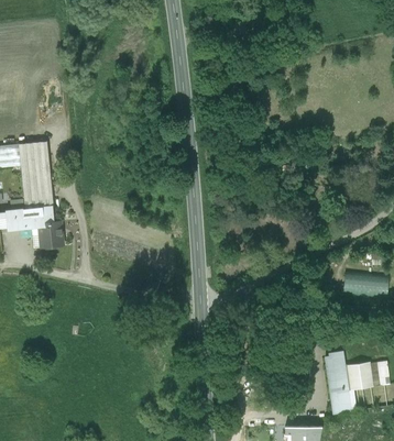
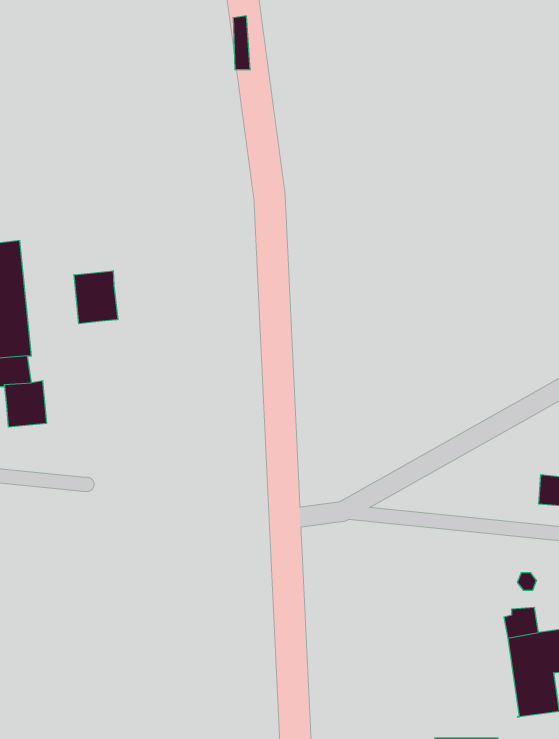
building: none -> [74,271,118,324]

